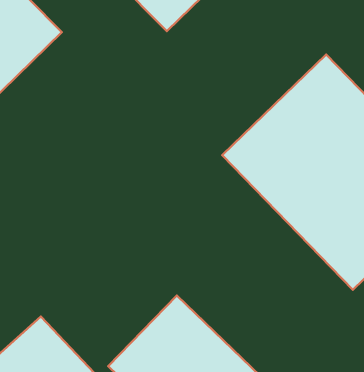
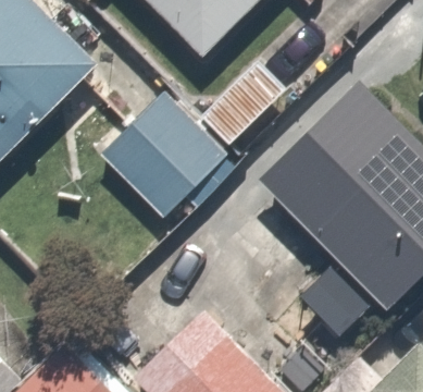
building: none -> [91,89,223,221]

